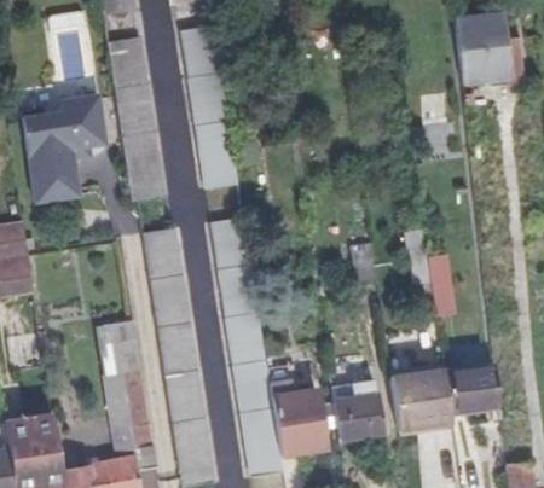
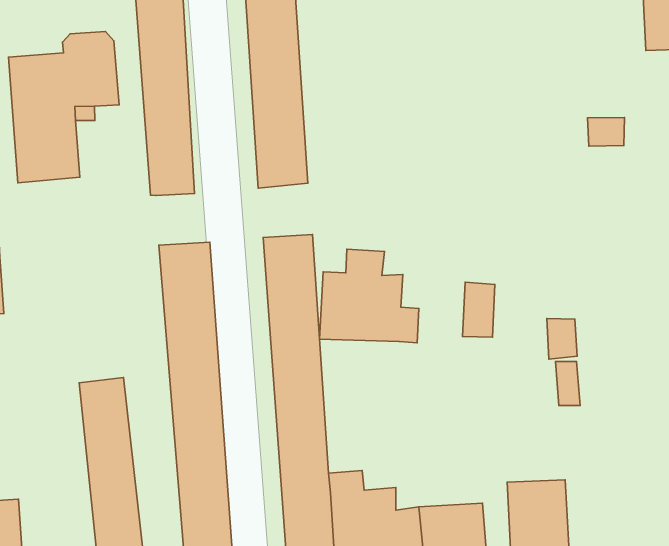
building: none -> [320,249,419,343]
building: [446,364,500,411] -> none

